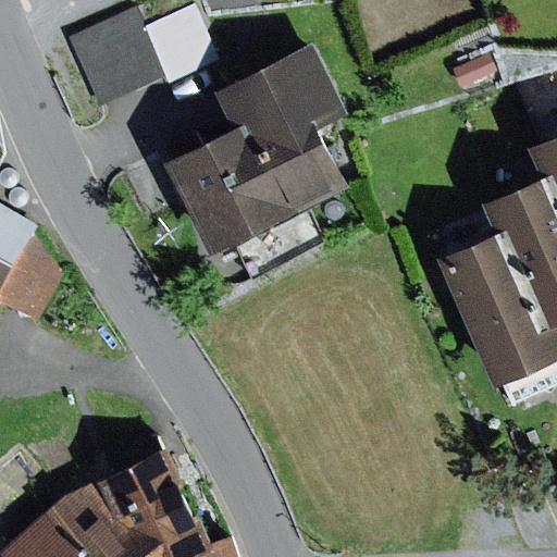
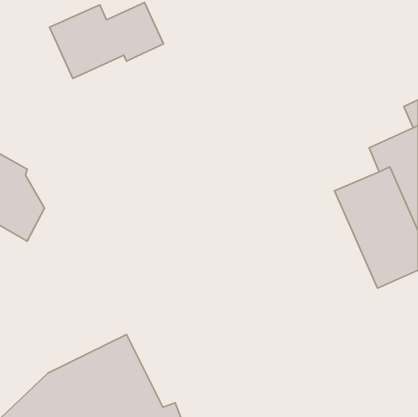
building: [162,42,354,258] -> none

